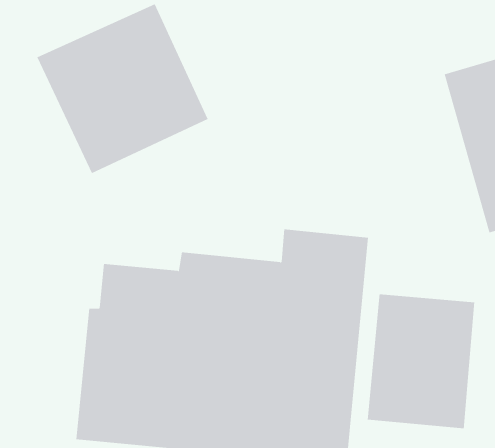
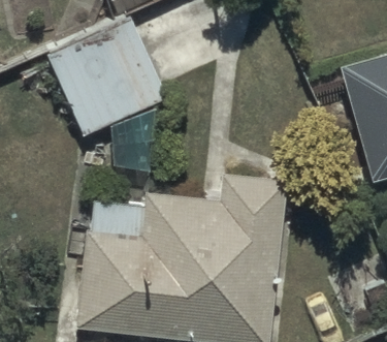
building: [367,294,475,429] -> none

